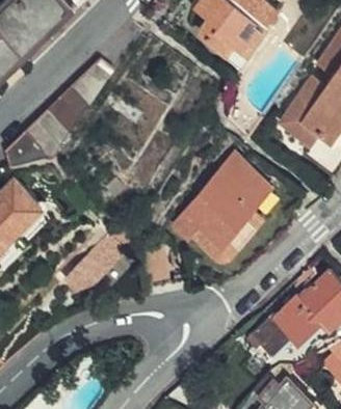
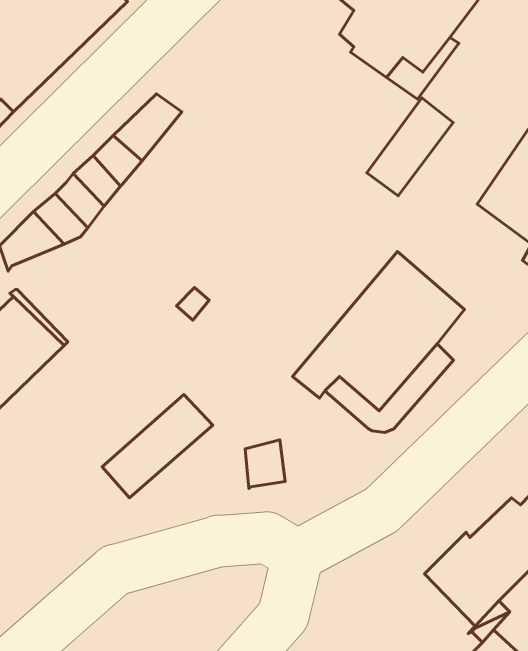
building: none -> [367,98,453,196]

